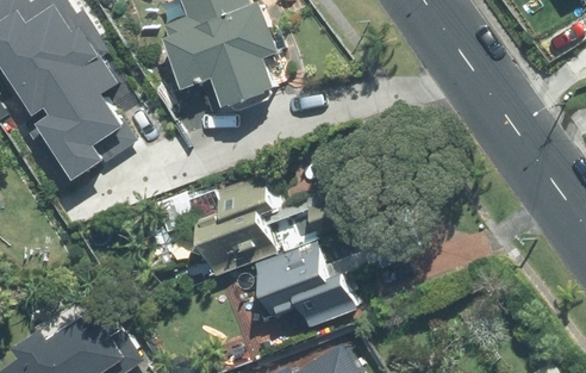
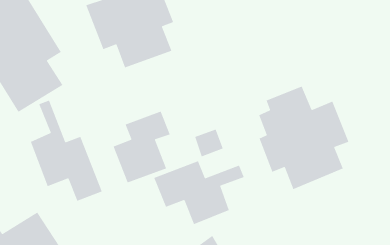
building: none -> [258,85,349,190]
building: none -> [30,99,103,202]

